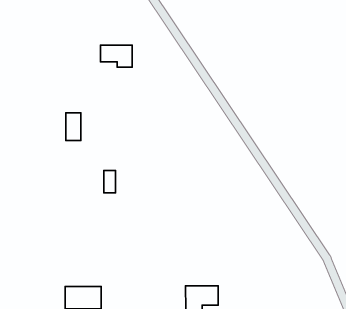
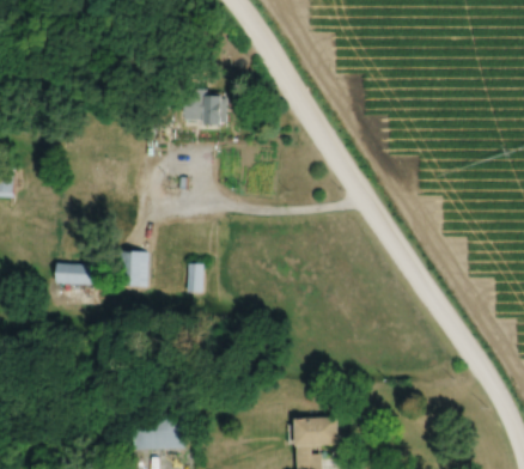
building: [66,113,81,140] -> [127,251,147,288]
building: none -> [55,264,98,285]

